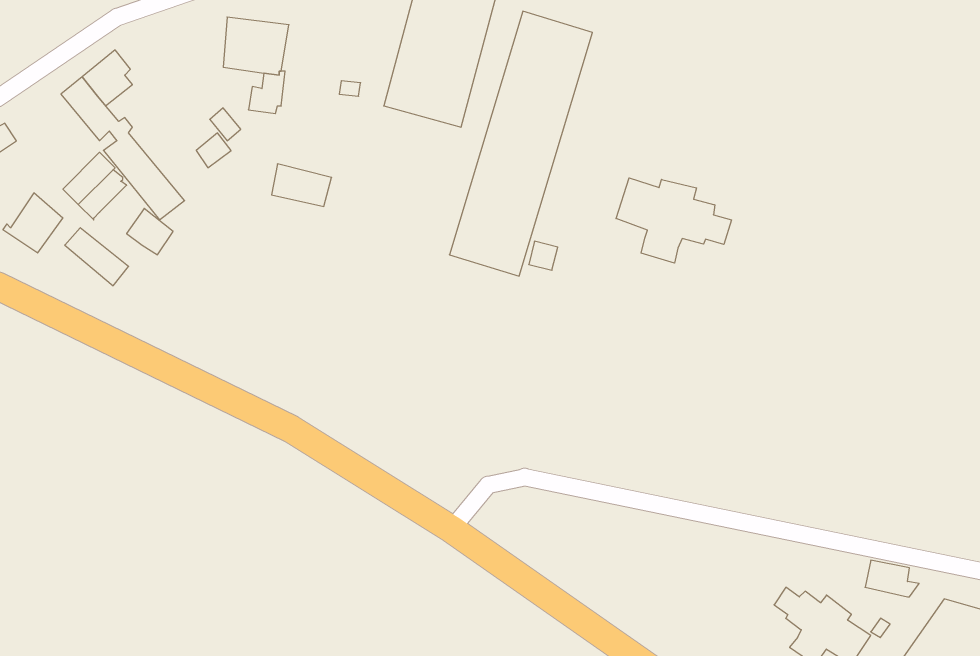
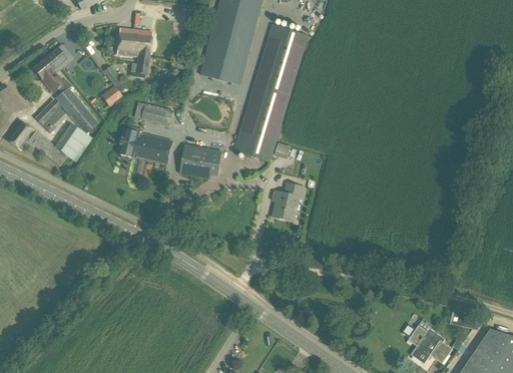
building: [616,178,732,263] -> none
building: none -> [117,126,171,162]
building: none -> [178,143,220,178]
building: none -> [273,182,303,221]

